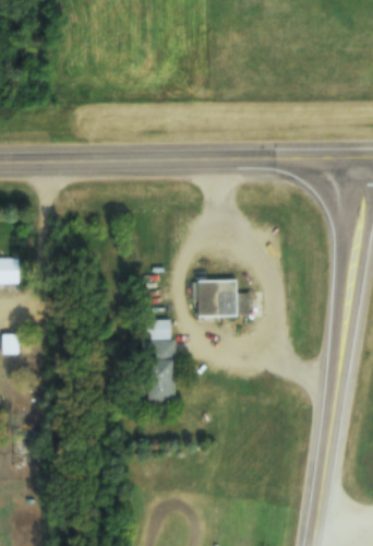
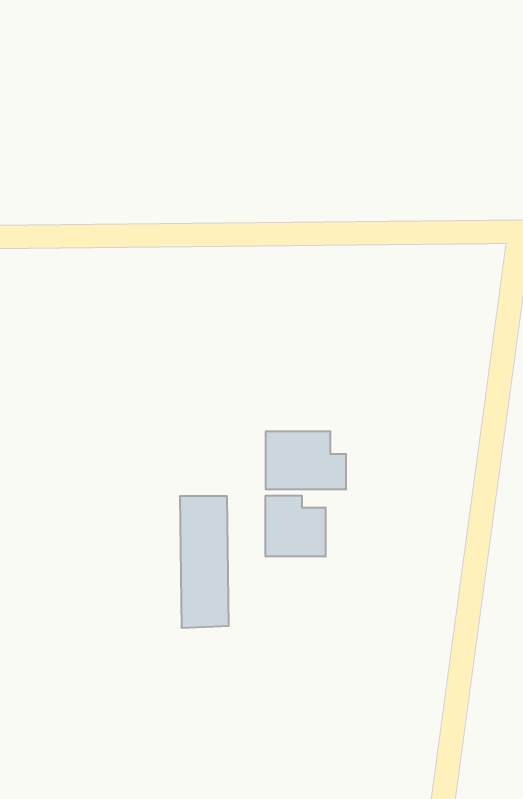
building: none -> [266,496,326,557]

